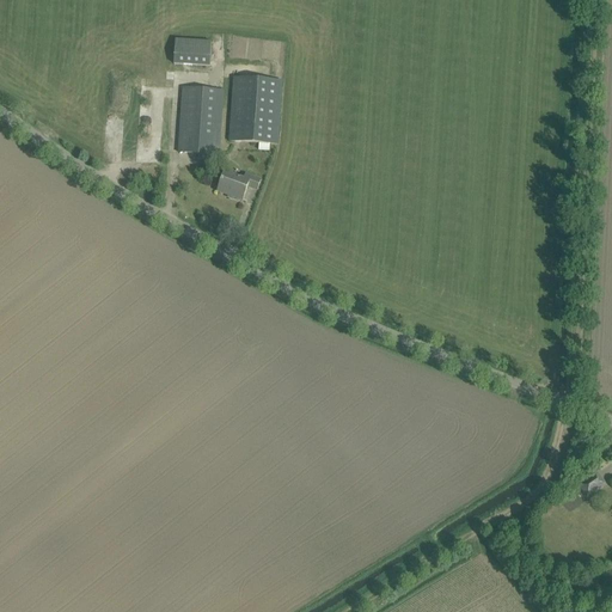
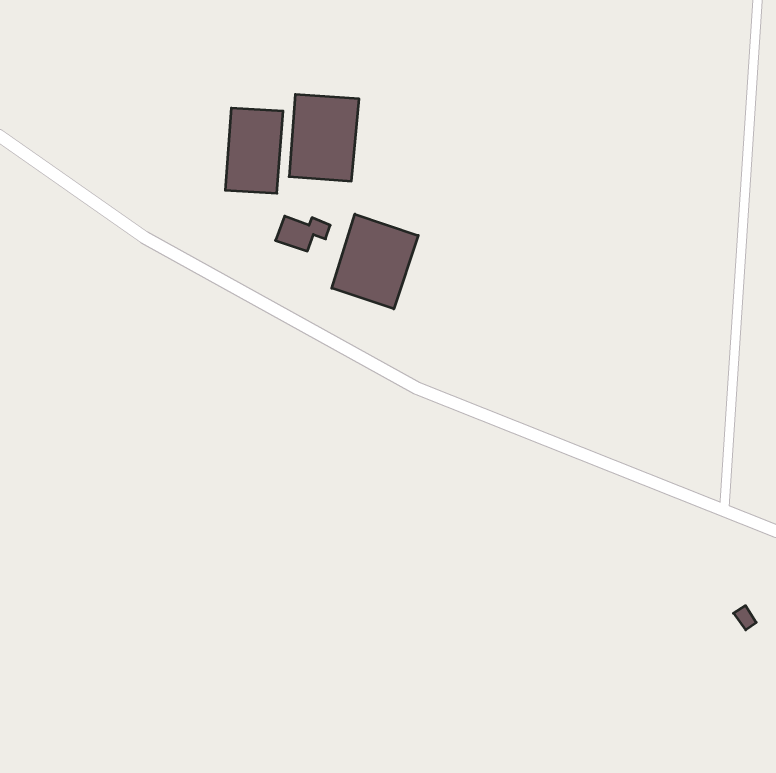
building: [172,36,210,63] -> none
building: none -> [332,214,418,309]

